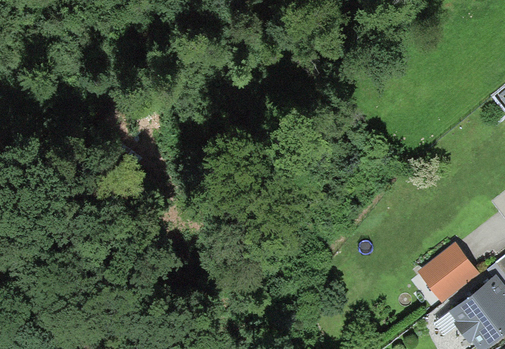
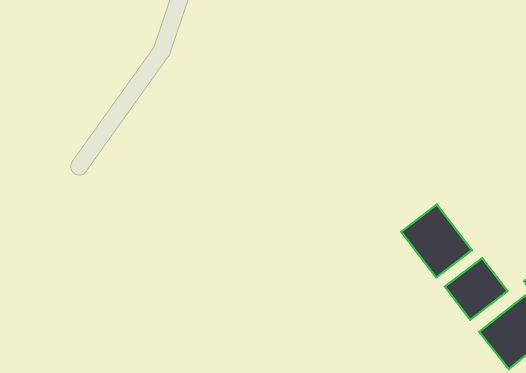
building: none -> [401,205,472,278]

